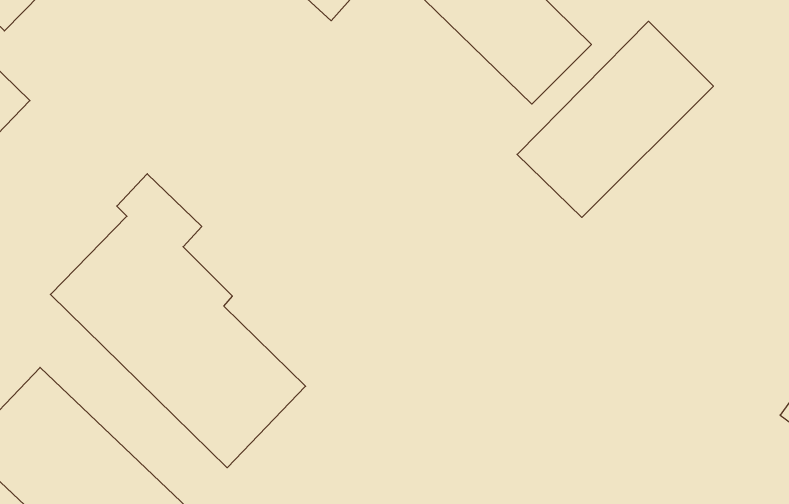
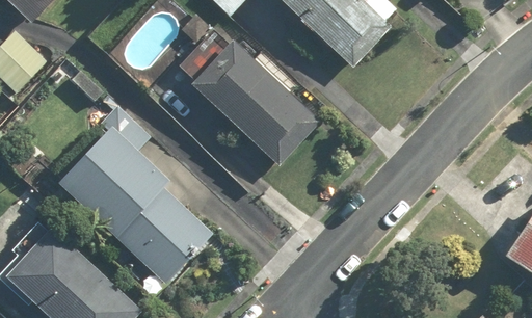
building: [517,21,713,217] -> none
building: none -> [190,39,318,163]

